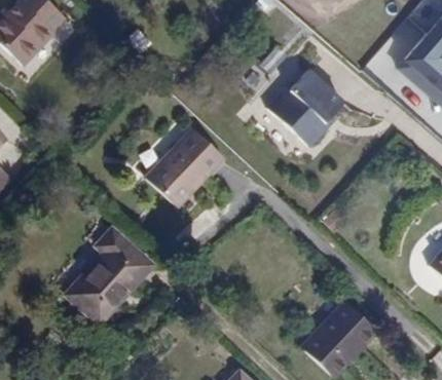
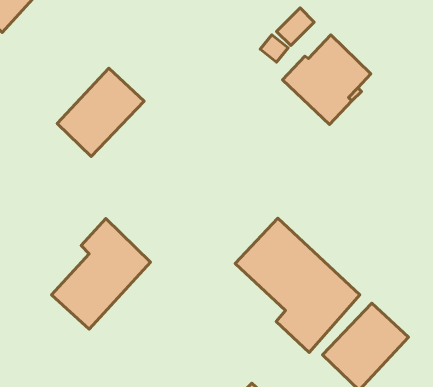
building: [148,130,224,207] -> [57,68,144,156]
building: none -> [235,218,360,352]

